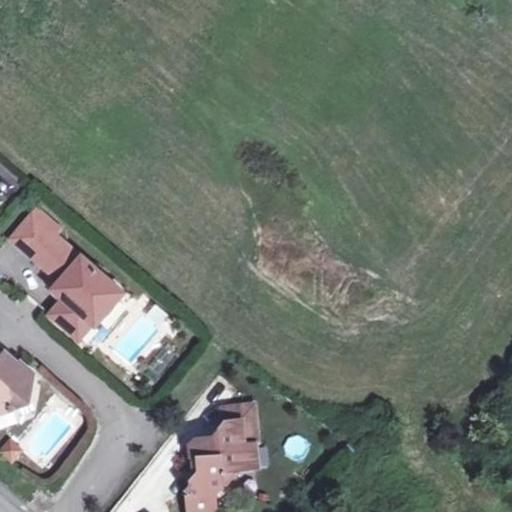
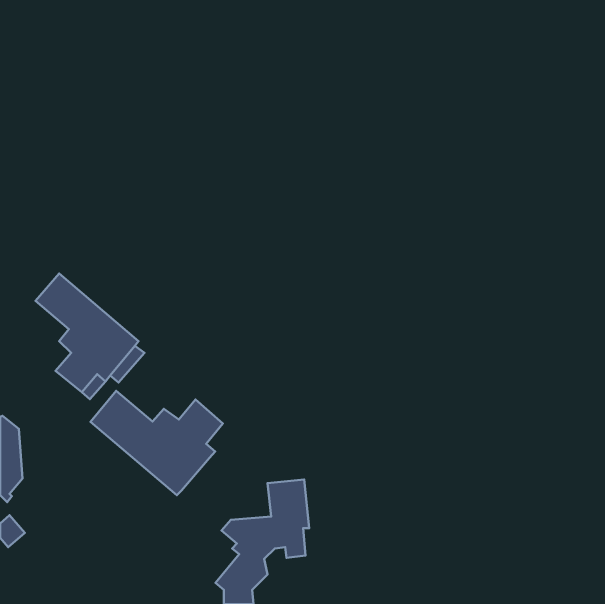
building: [9,206,56,254] -> none
building: none -> [91,391,223,495]

